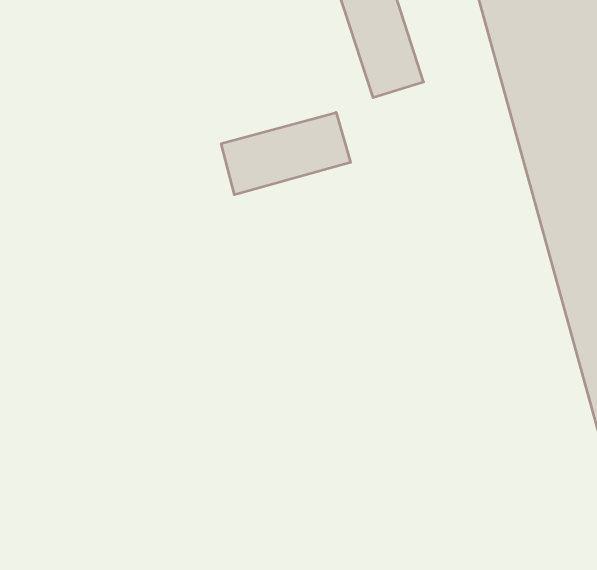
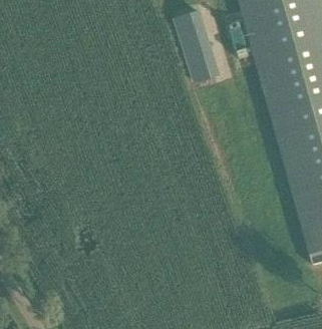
building: [221,112,351,195] -> none

